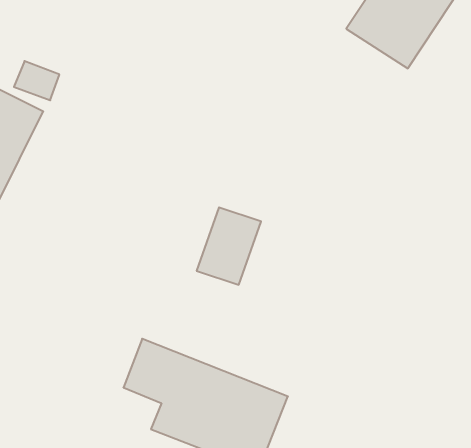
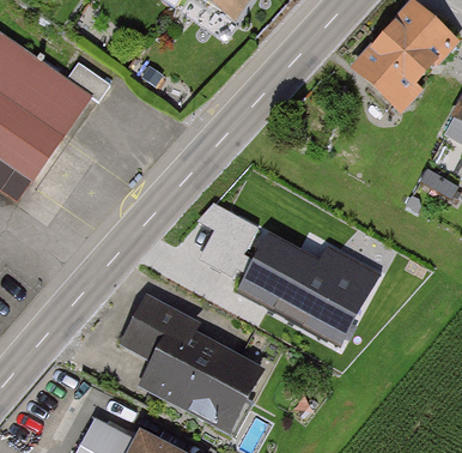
building: none -> [235,228,379,344]

